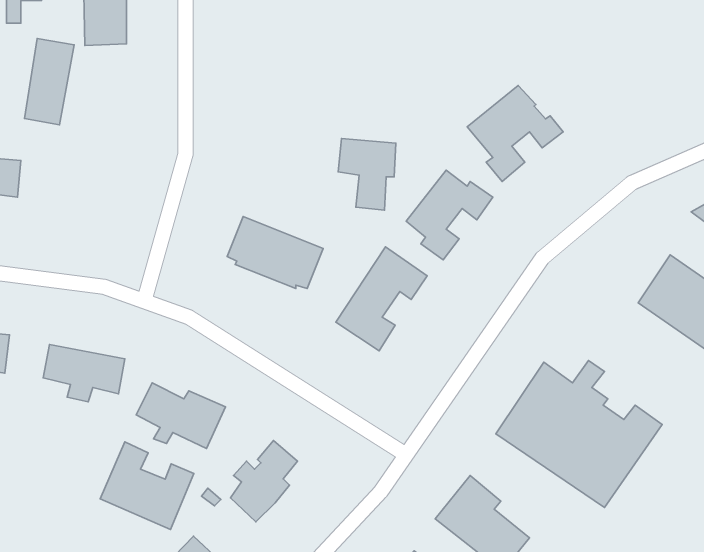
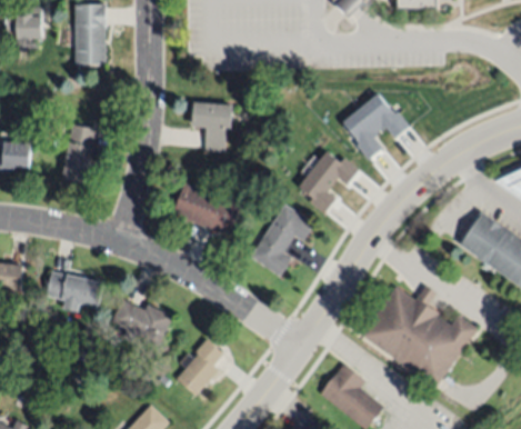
building: [24,39,74,125] -> [62,124,97,184]
building: [338,138,396,210] -> [192,102,232,152]
building: [100,442,194,529] -> none

